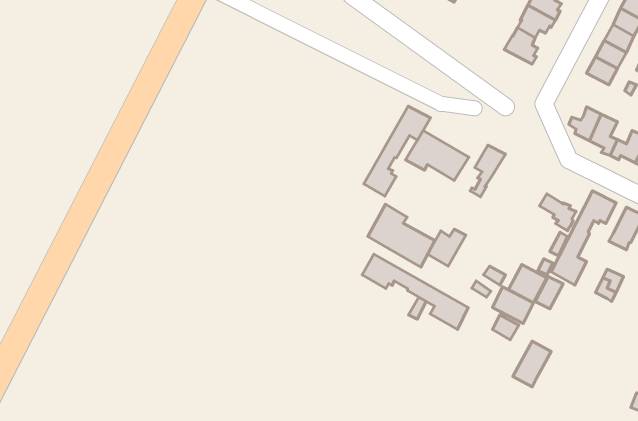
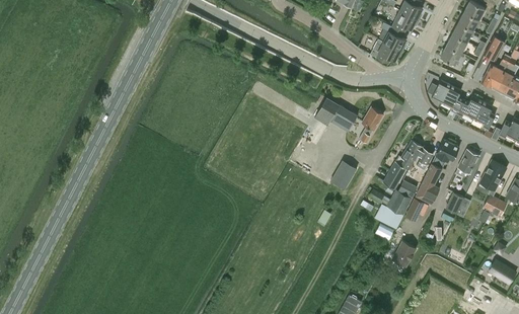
building: none -> [370,40,402,64]
building: [364,106,430,196] -> none
building: [368,204,435,267] -> none
building: none -> [383,149,418,189]
building: [362,254,468,329] -> none

